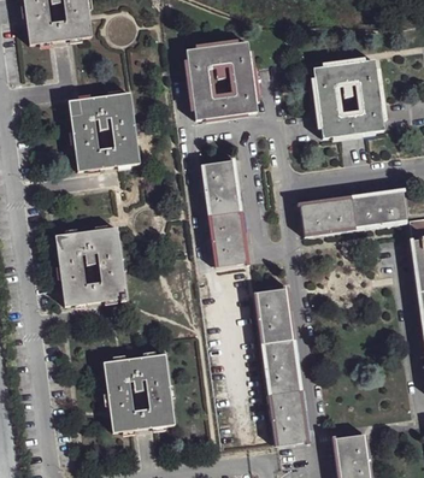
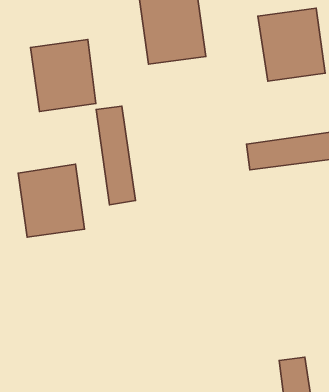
building: [202,161,245,267] -> [96,106,135,205]
building: [255,289,305,445] -> none
building: [102,355,172,432] -> none

